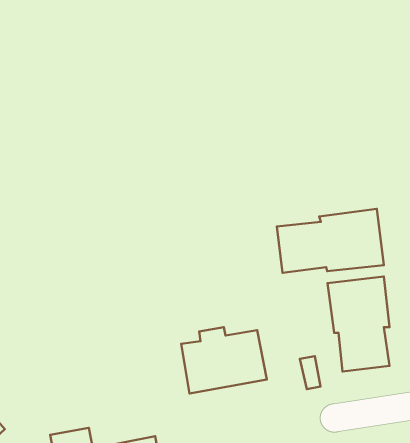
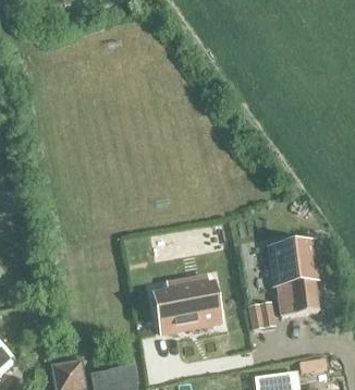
building: [277,209,384,273] -> none

